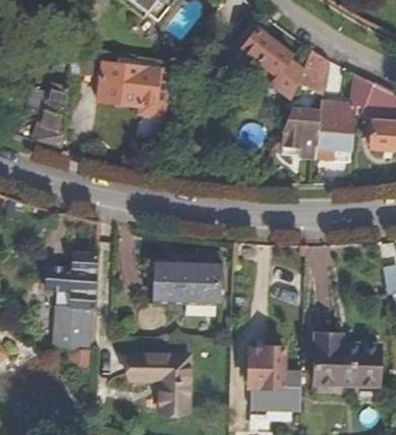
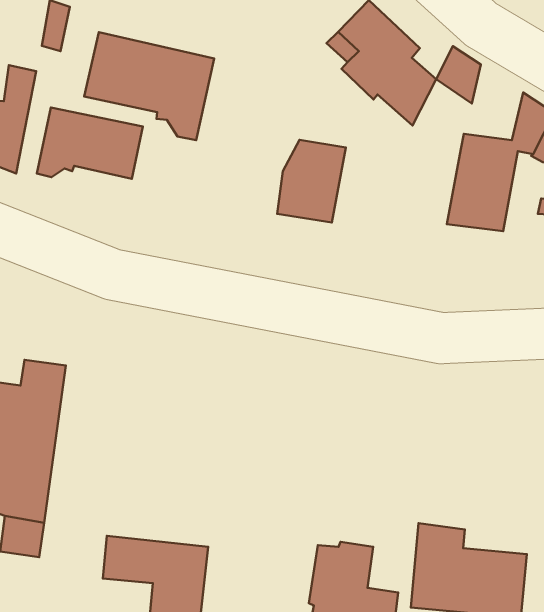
building: [281,107,318,154] -> [277,140,346,223]
building: none -> [37,108,143,179]
building: [156,261,223,303] -> none

